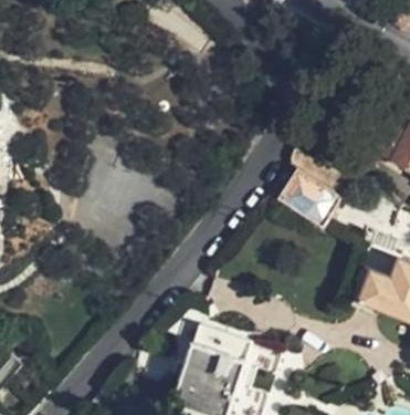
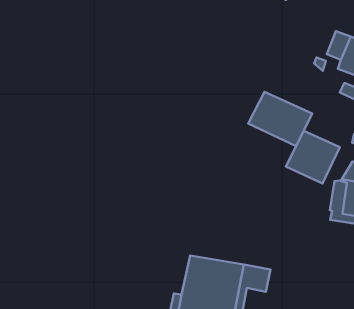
building: none -> [286,131,340,183]

